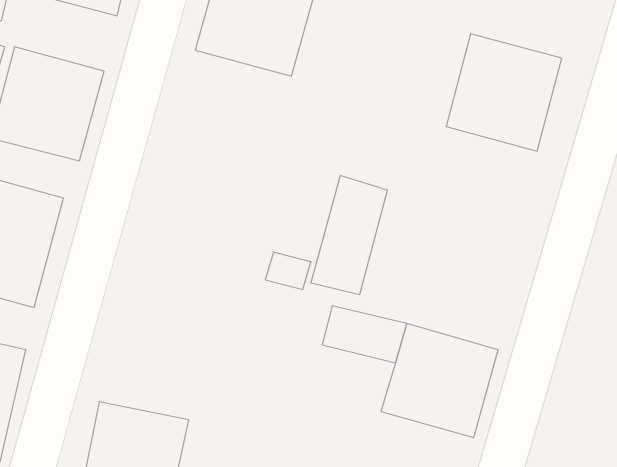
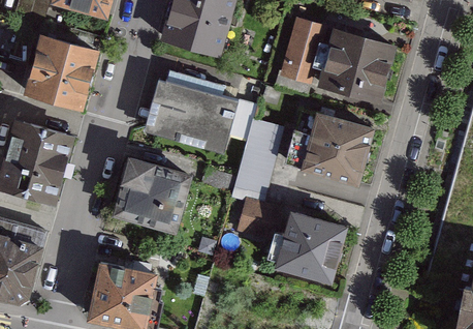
building: none -> [277,21,324,88]
building: none -> [148,81,241,153]
building: none -> [298,114,371,192]
building: none -> [117,159,199,236]

